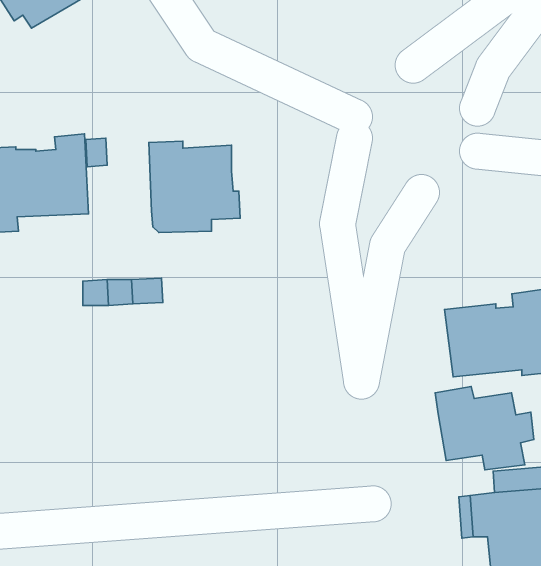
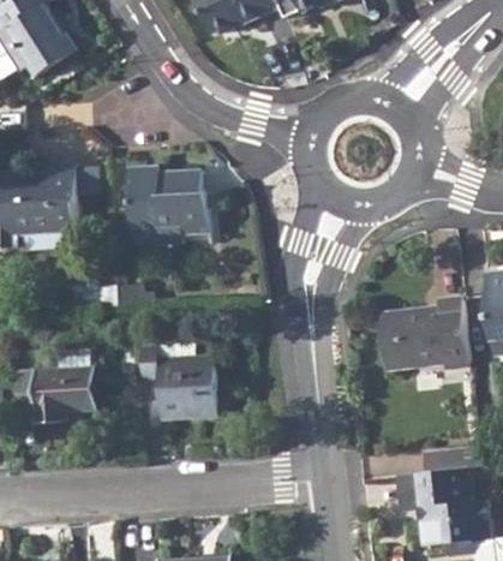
building: none -> [137,346,216,420]
building: none -> [14,354,95,424]
building: [435,386,534,470] -> none

